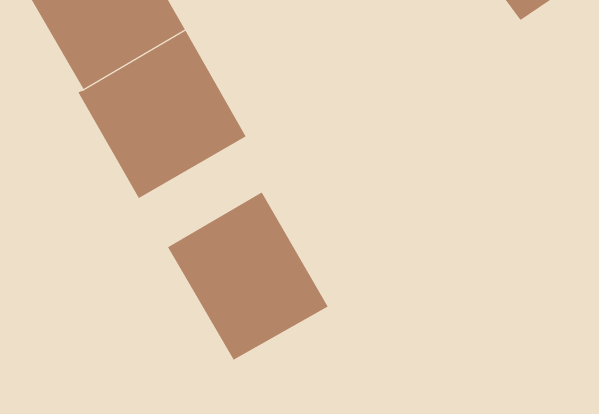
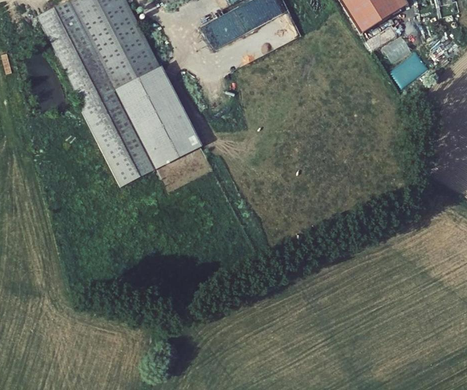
building: [167,192,329,360] -> none

